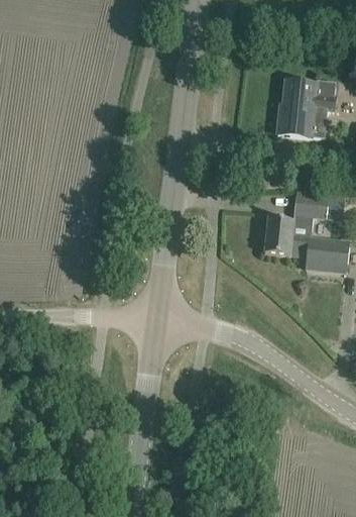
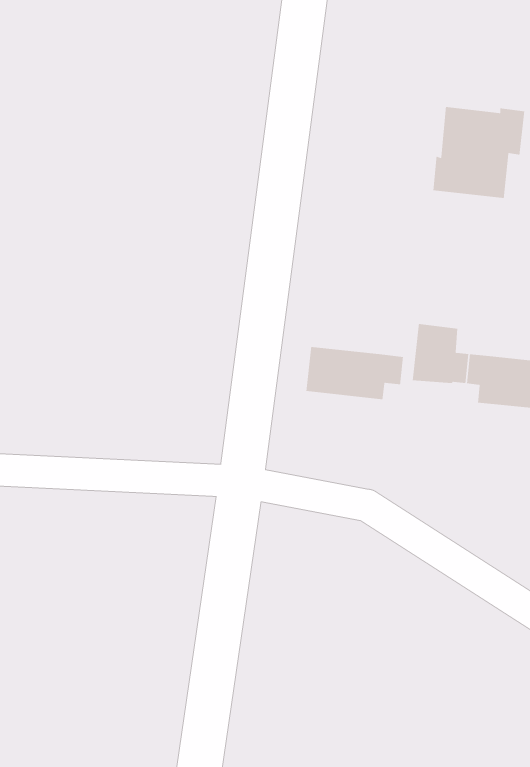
building: [291,192,328,236] -> none
building: none -> [305,346,404,400]

